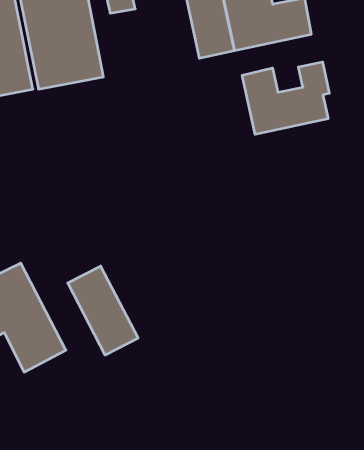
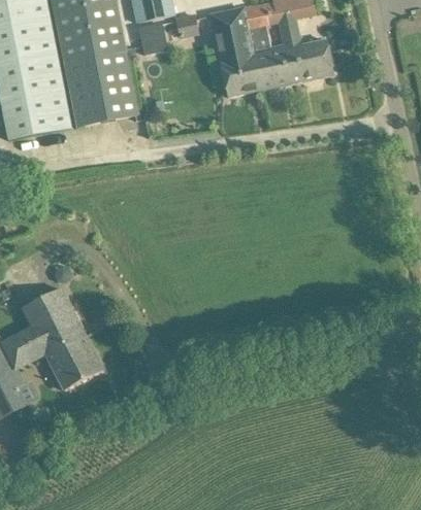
building: [242,62,329,134] -> none
building: [68,266,138,355] -> none

